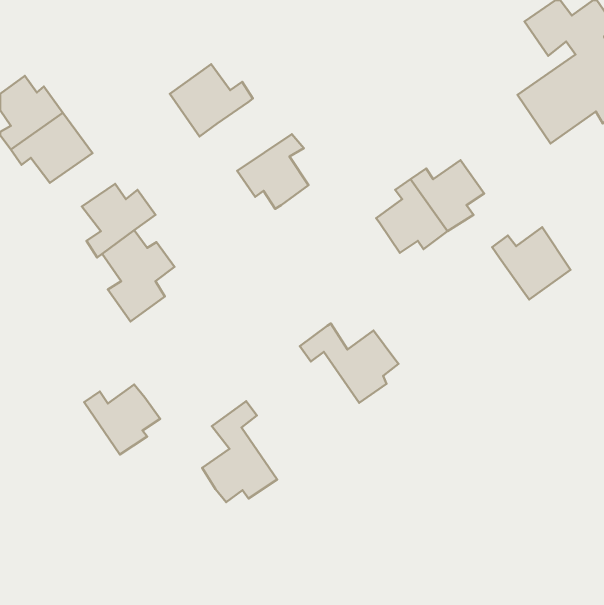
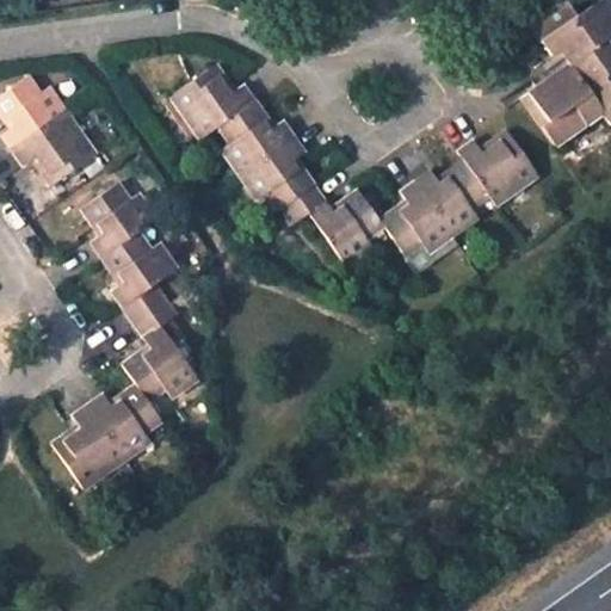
building: none -> [221,104,296,173]
building: [492,227,571,299] -> [458,131,537,204]
building: [300,323,398,403] -> [285,185,384,265]
building: [202,401,277,502] -> [124,300,199,401]
building: none -> [54,406,123,486]

